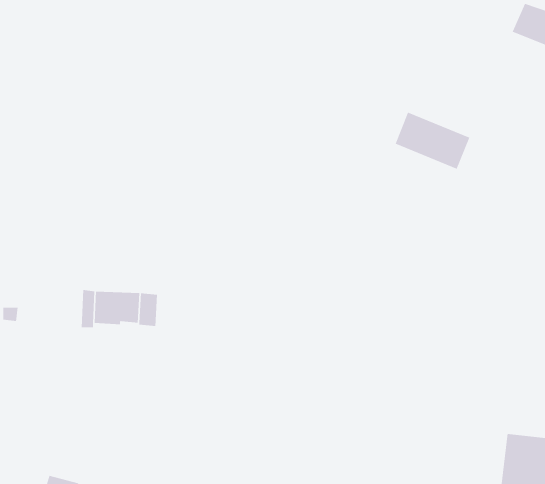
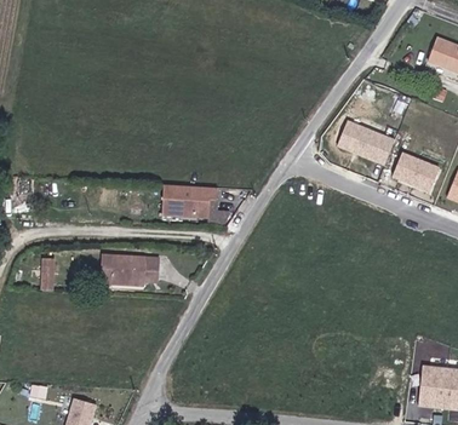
building: none -> [391,153,439,191]
building: none -> [161,185,216,217]

